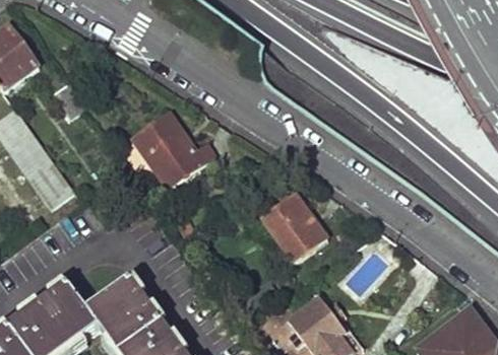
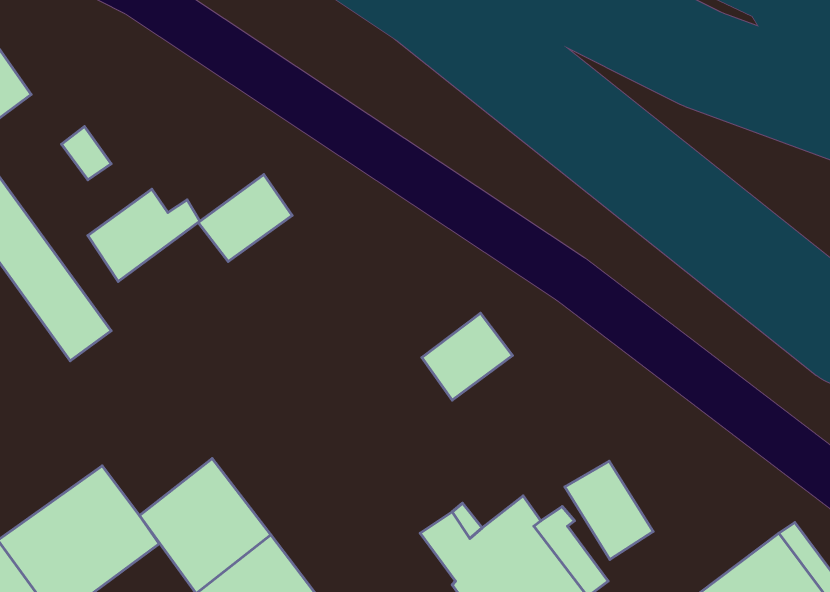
building: [146,135,210,188] -> [88,189,200,282]
building: [274,215,324,262] -> none
building: none -> [565,461,653,559]

